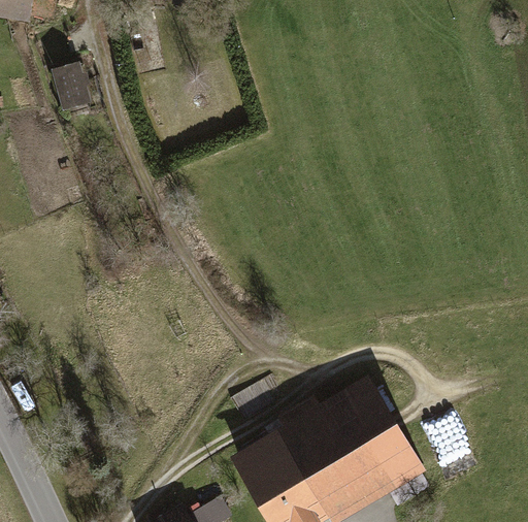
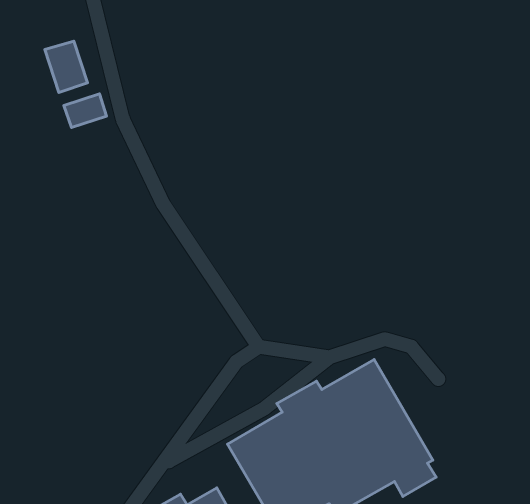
building: none -> [64,94,106,127]

